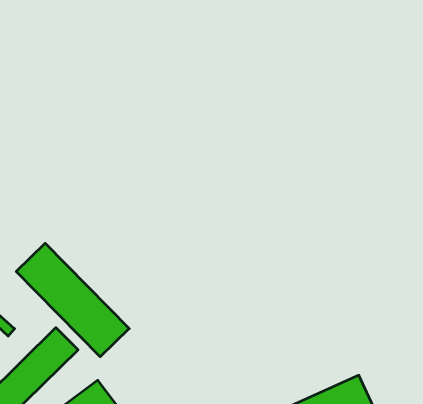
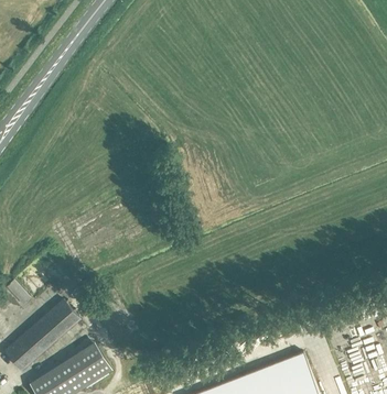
building: [16,243,129,357] -> none

